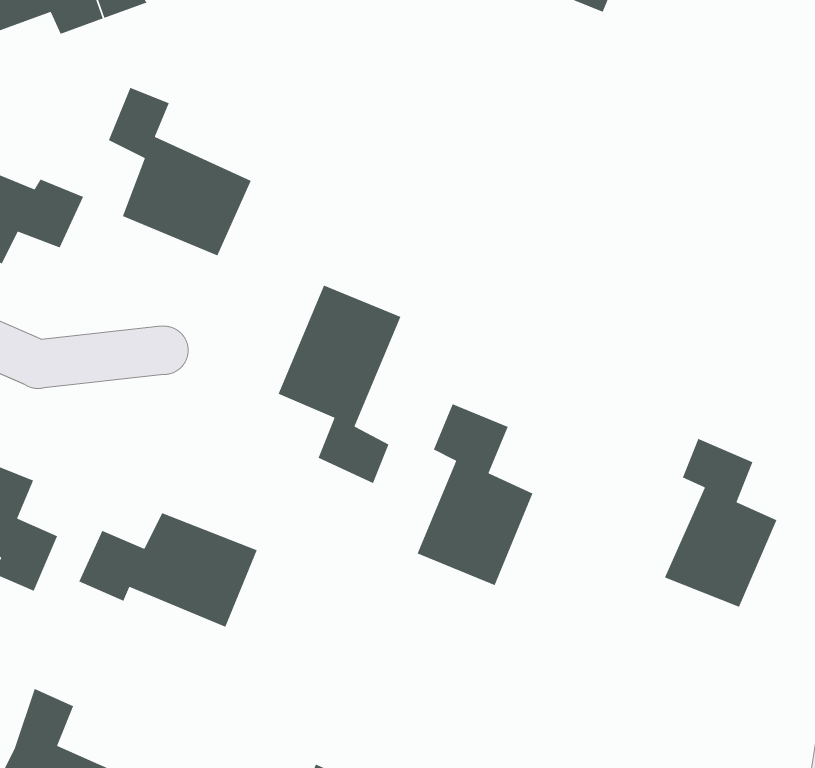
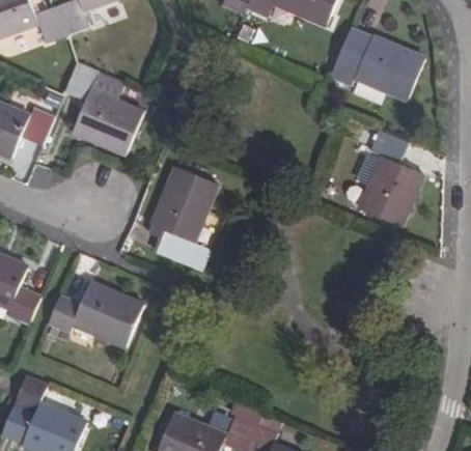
building: none -> [329,37,422,98]
building: [417,403,534,586] -> none
building: [664,438,778,608] -> [362,132,421,220]

